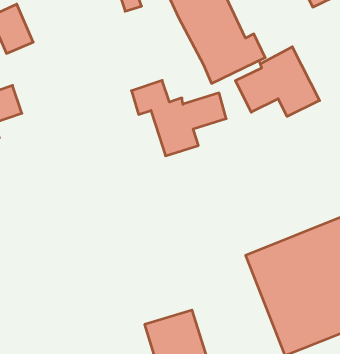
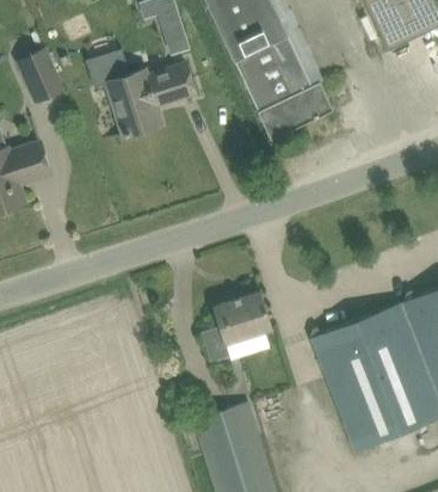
building: [235,47,320,116] -> none
building: [131,80,226,156] -> [85,49,195,136]
building: none -> [202,291,273,363]

